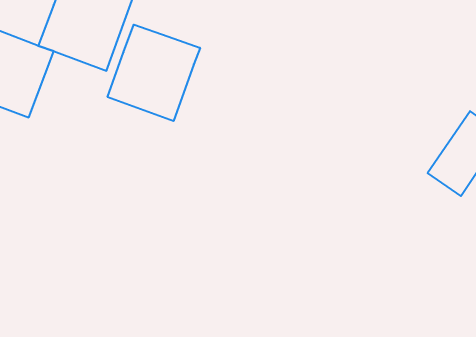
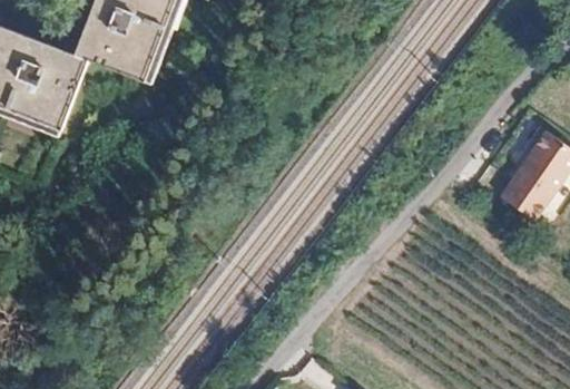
building: [108,25,200,121] -> none

